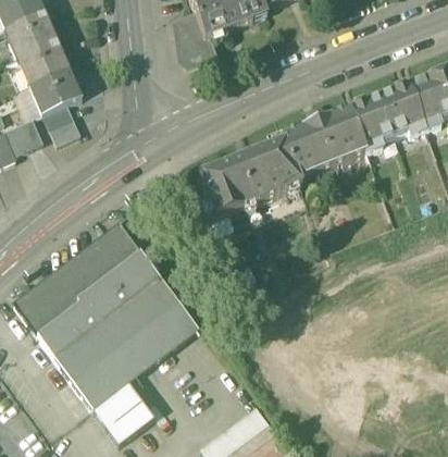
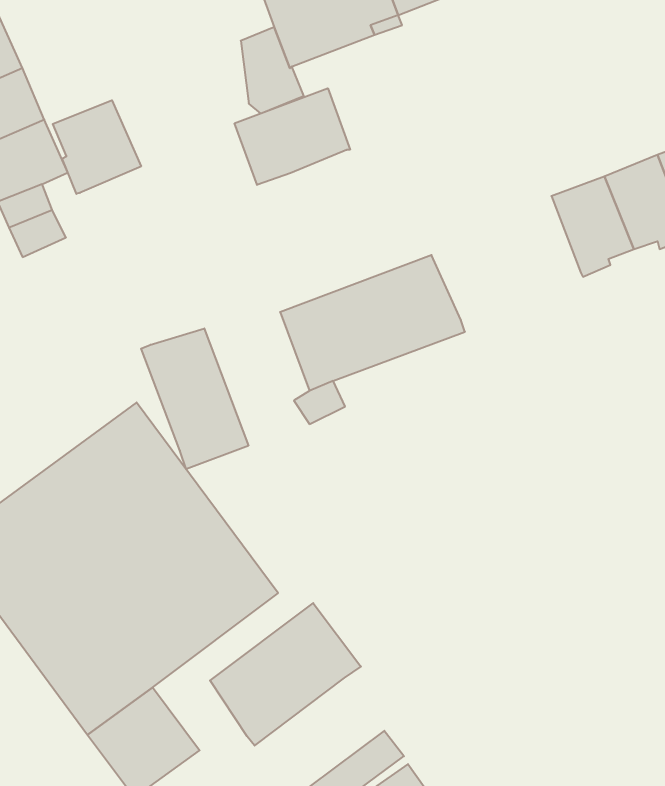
building: none -> [235,88,350,185]
building: none -> [53,100,141,194]
building: [281,109,365,177] -> none
building: none -> [141,328,248,469]
building: none -> [210,603,361,746]

